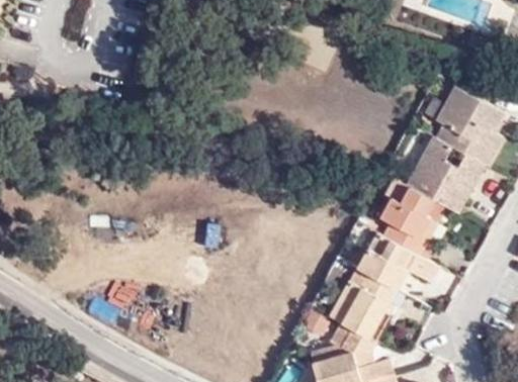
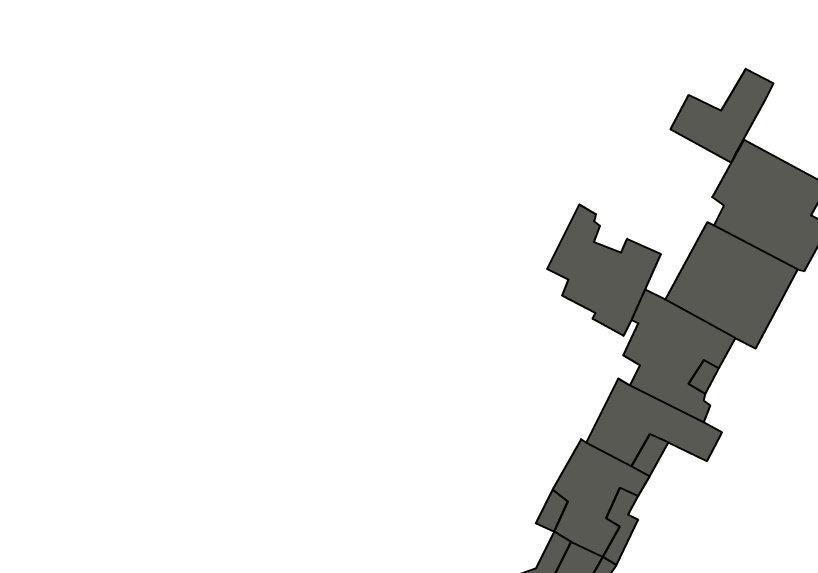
building: none -> [671,69,773,163]
building: none -> [547,204,661,336]

